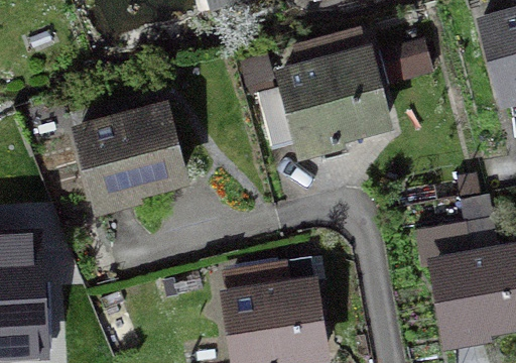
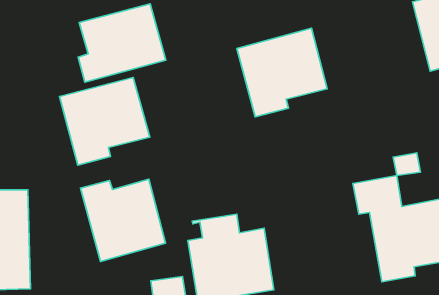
building: none -> [78,4,166,82]
building: none -> [81,179,166,261]

